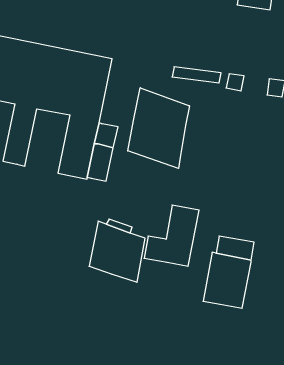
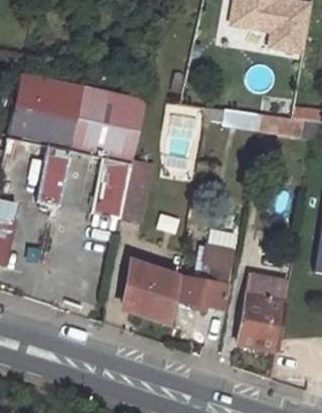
building: [128,88,189,168] -> none

